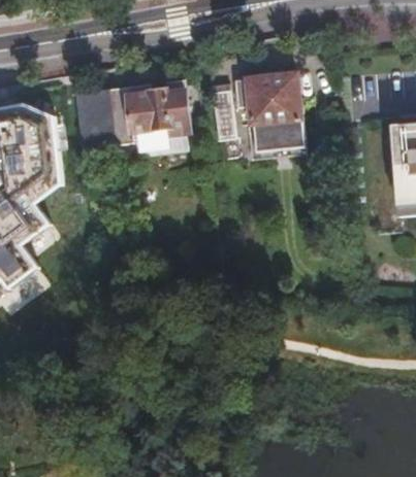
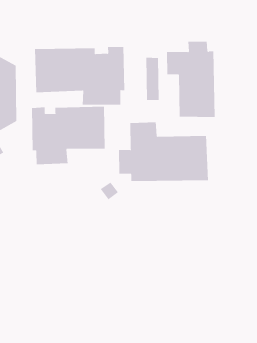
building: none -> [32,106,105,165]
building: none -> [118,122,209,182]

